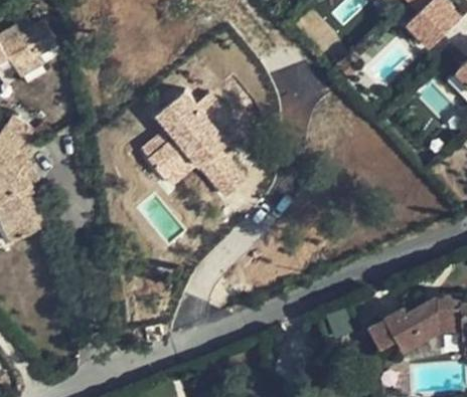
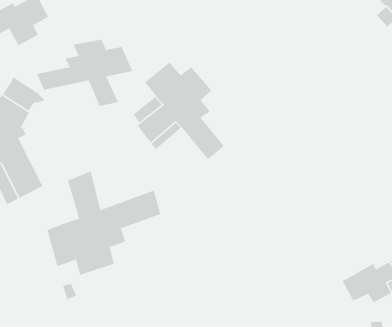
building: none -> [36,39,134,107]
building: none -> [46,171,161,276]

